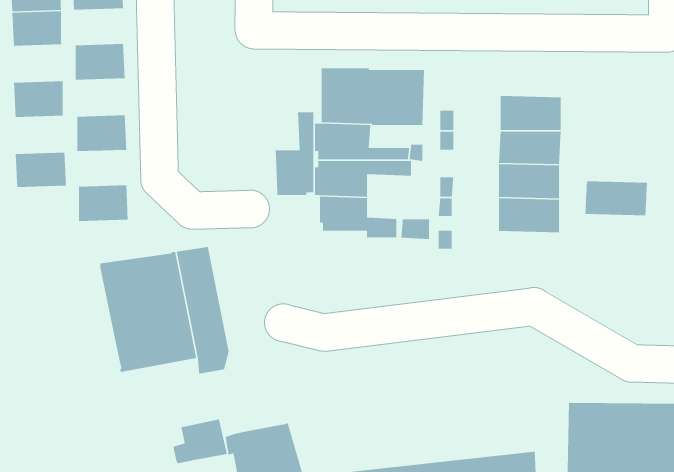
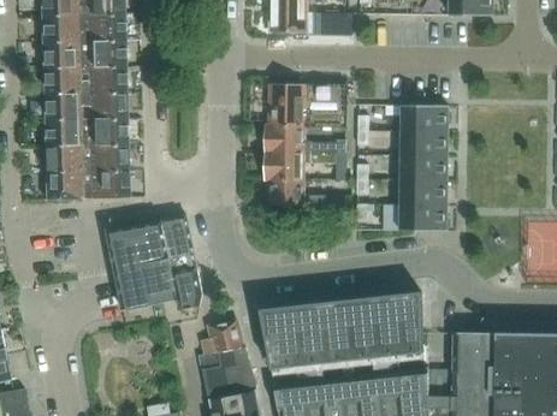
building: none -> [88,41,125,67]
building: none -> [43,67,81,95]
building: none -> [89,93,126,120]
building: [275,111,314,196] -> none
building: none -> [45,120,82,148]
building: none -> [90,145,128,172]
building: [584,180,648,216] -> [401,206,448,232]
building: none -> [46,172,83,200]
building: none -> [261,291,423,368]
building: [172,419,228,464] -> [203,321,244,355]

